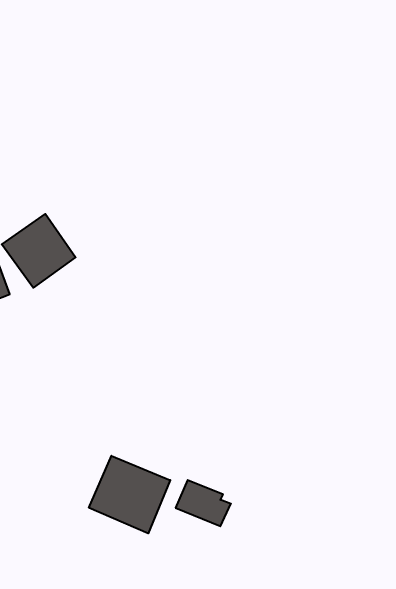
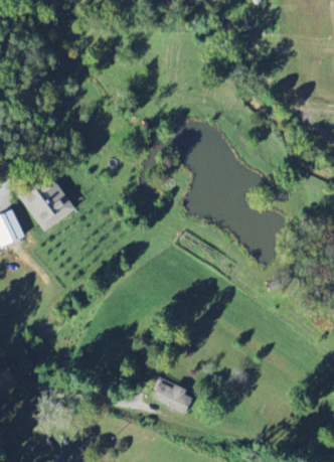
building: [89,456,170,533] -> none

